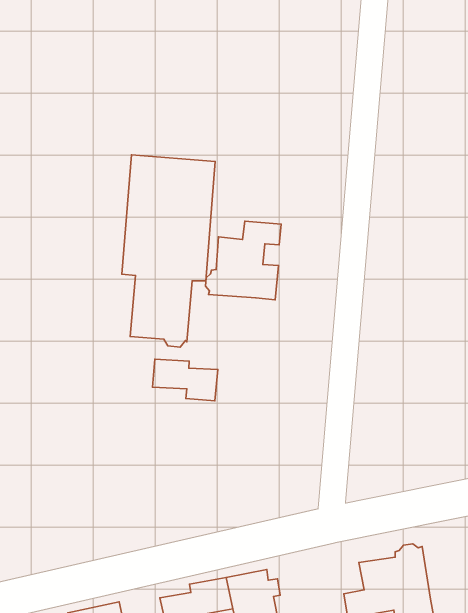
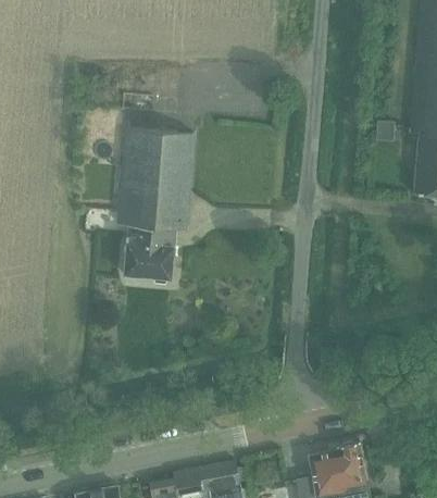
building: [206,221,281,300] -> none
building: [153,359,218,401] -> none

